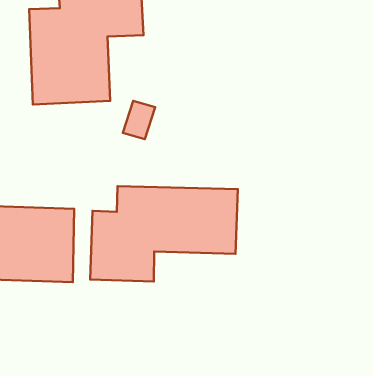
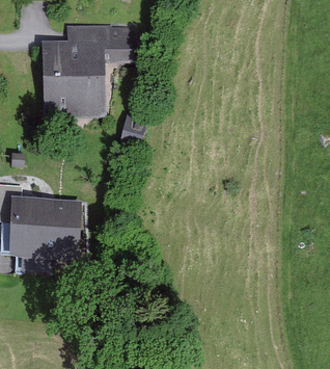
building: [90,186,238,282] -> none

